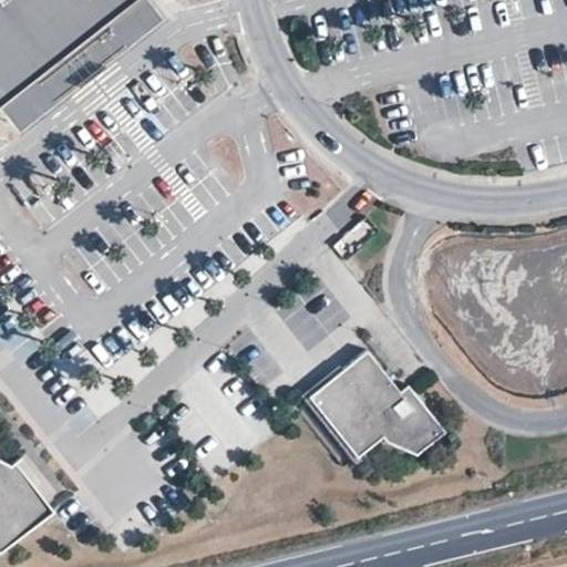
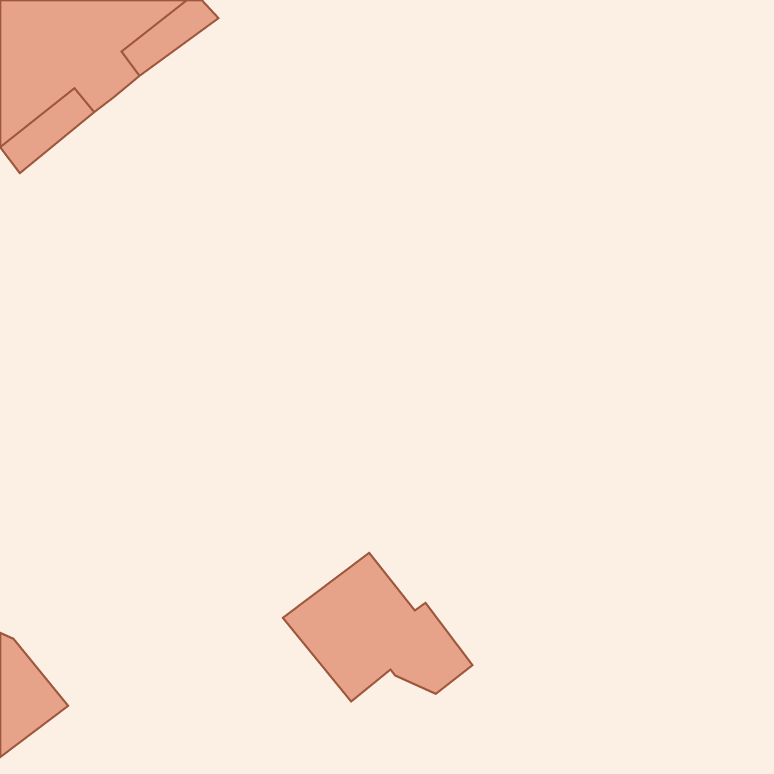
building: [305,351,443,460] -> [283,553,472,701]

